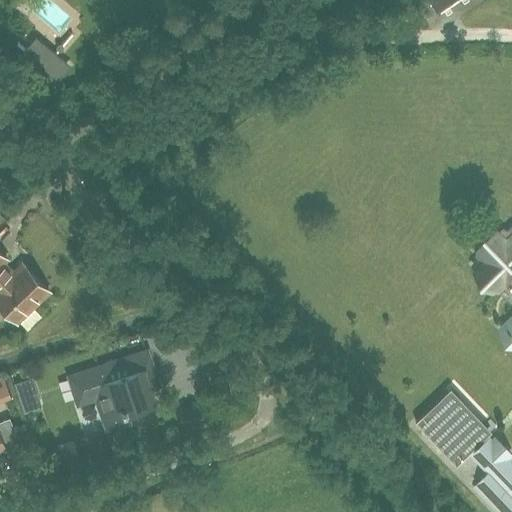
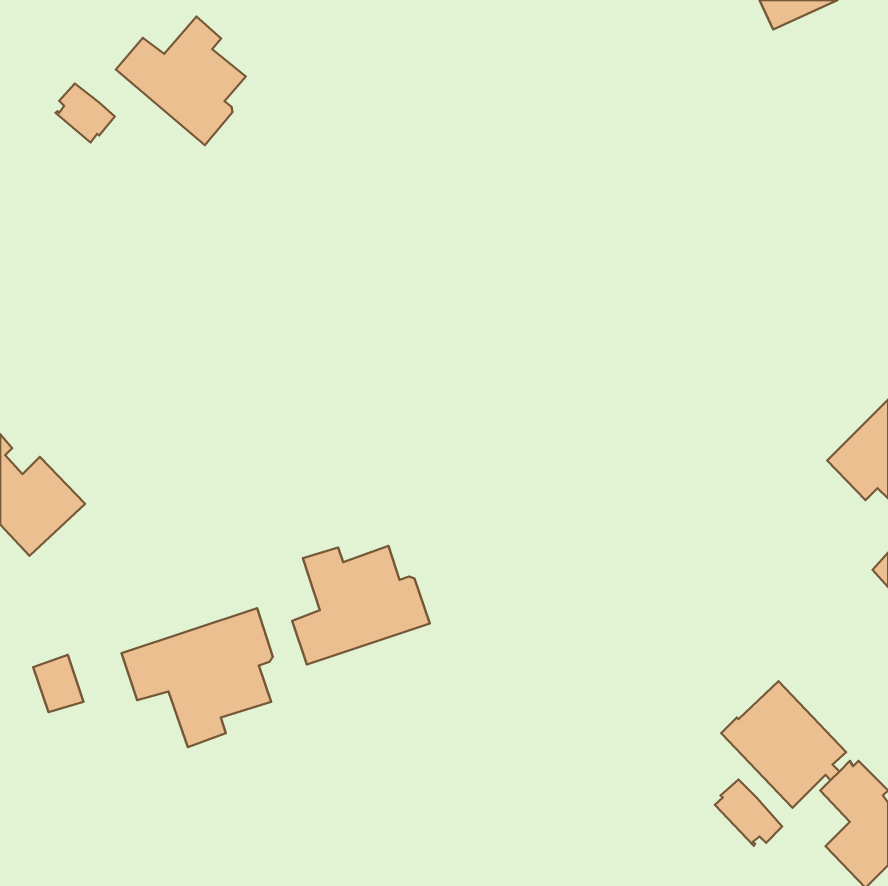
building: none -> [116,16,246,145]
building: none -> [292,546,430,664]
building: none -> [715,779,782,846]

